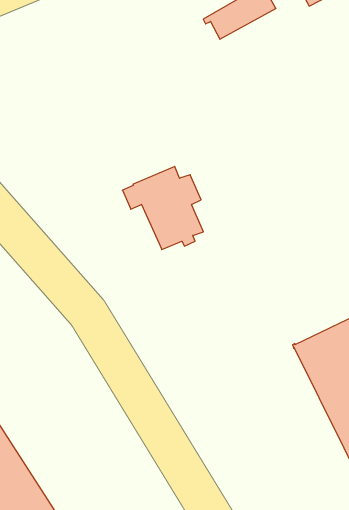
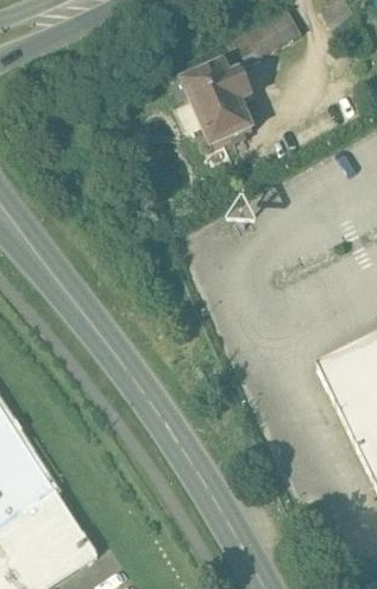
building: [122,166,203,250] -> [172,62,253,145]

